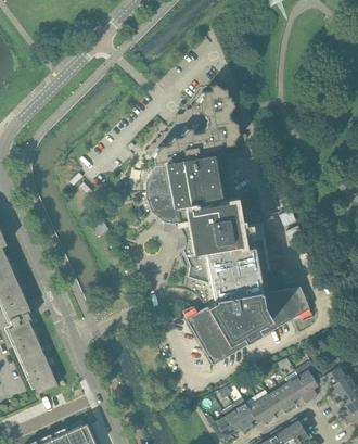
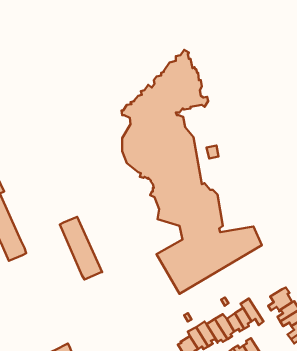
building: [8,320,57,394] -> [60,217,102,280]
building: [294,360,317,398] -> none

